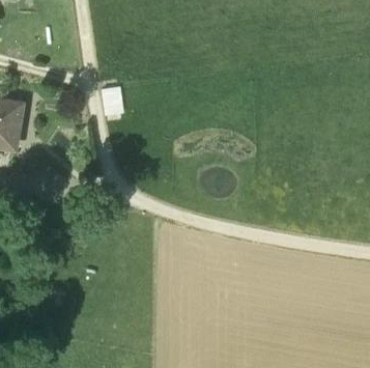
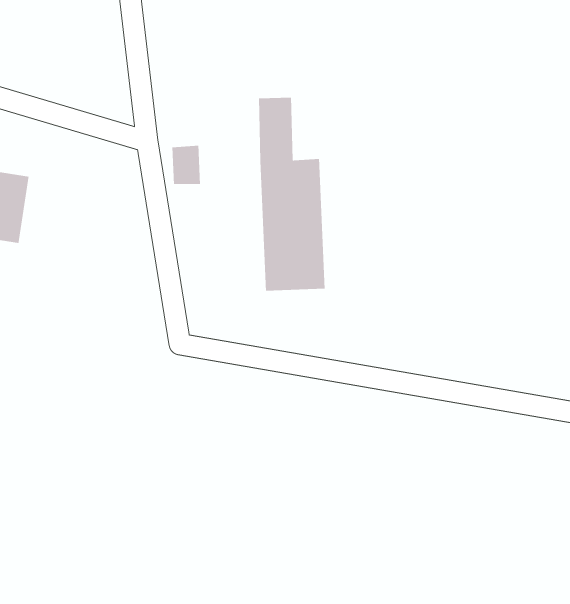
building: none -> [258,97,325,291]

